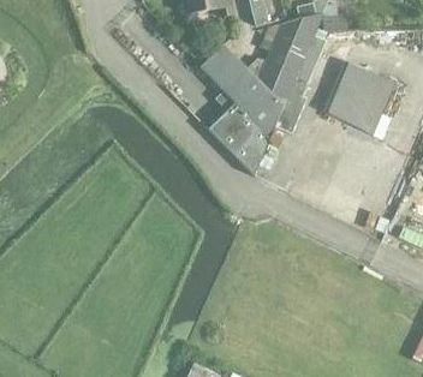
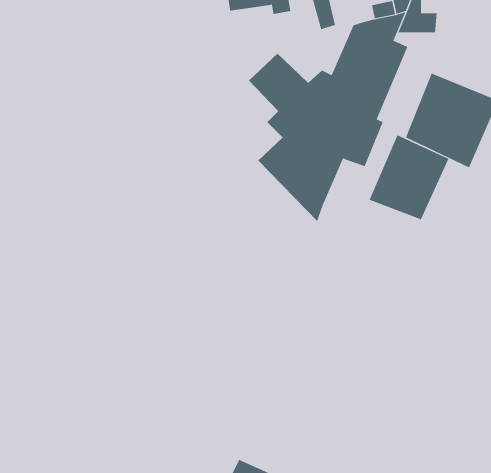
building: none -> [369,135,449,220]

